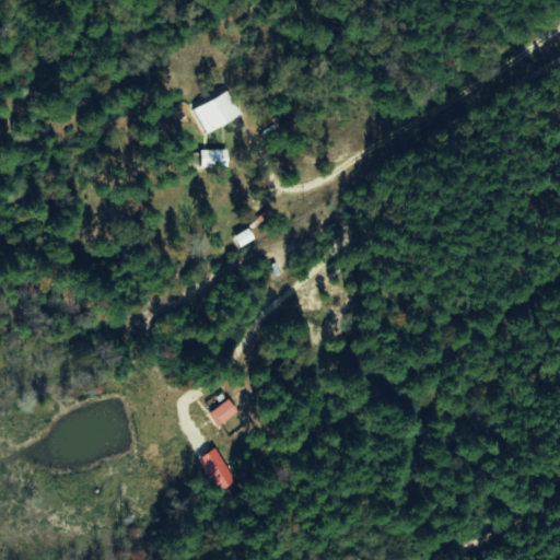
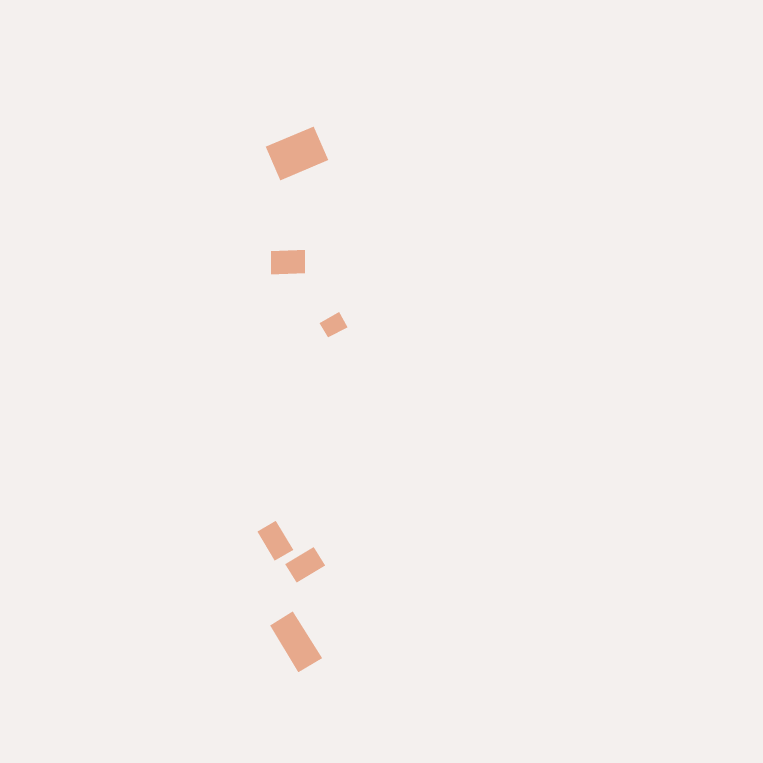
building: [201,149,228,167] -> [270,249,306,275]
building: none -> [256,520,294,561]

